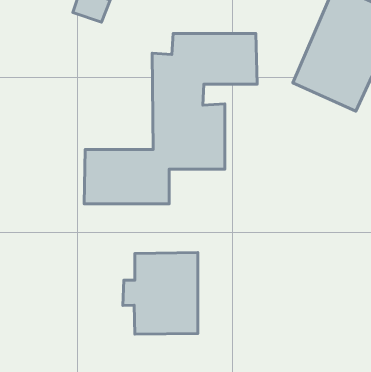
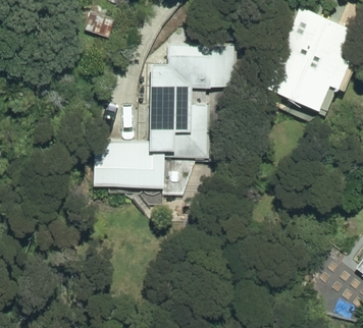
building: [123,253,198,334] -> none

